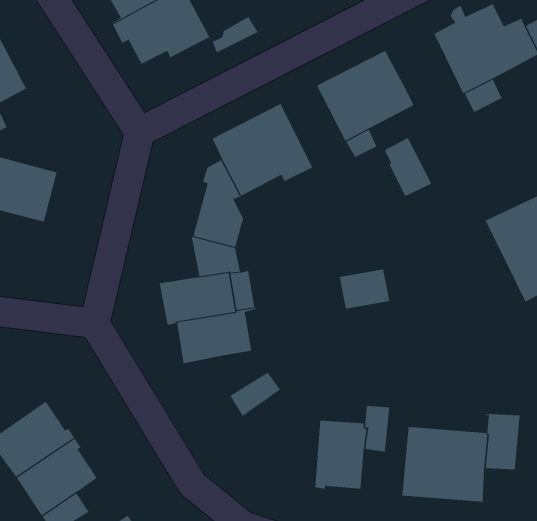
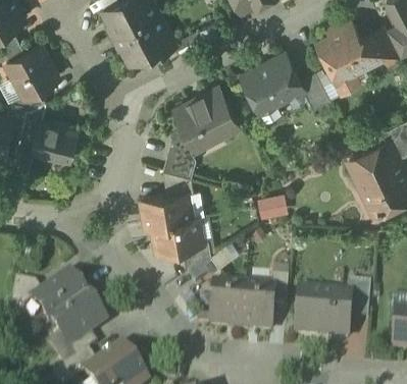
building: [384,137,432,197] -> [298,70,328,108]
building: none -> [181,239,209,271]
building: none -> [208,284,242,329]

